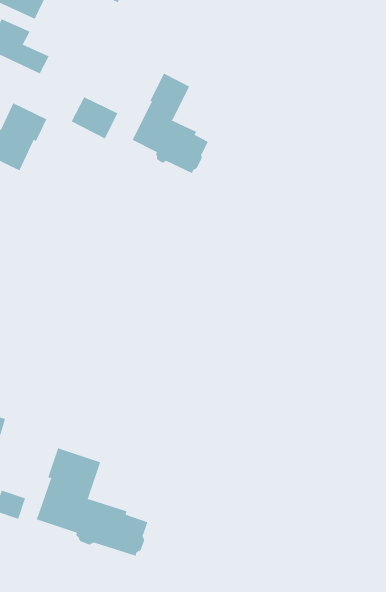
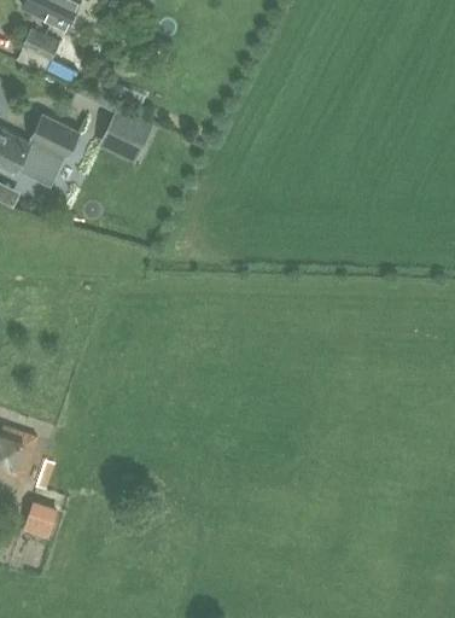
building: [132,73,209,174] -> none
building: [36,447,148,556] -> none

